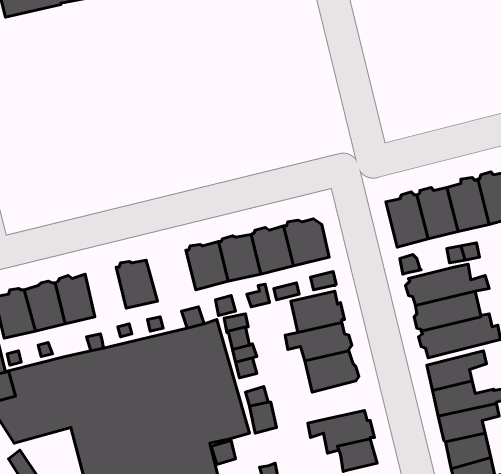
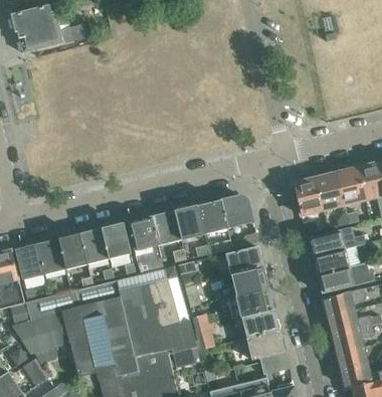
building: none -> [128,216,159,250]
building: none -> [80,228,110,263]
building: none -> [241,309,279,337]

